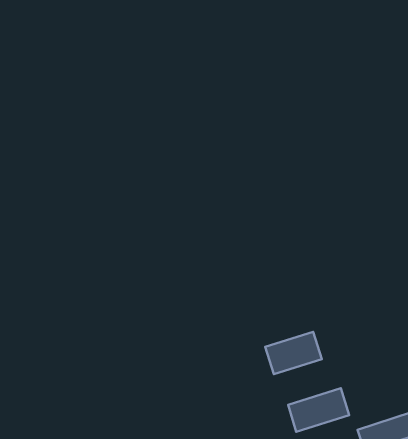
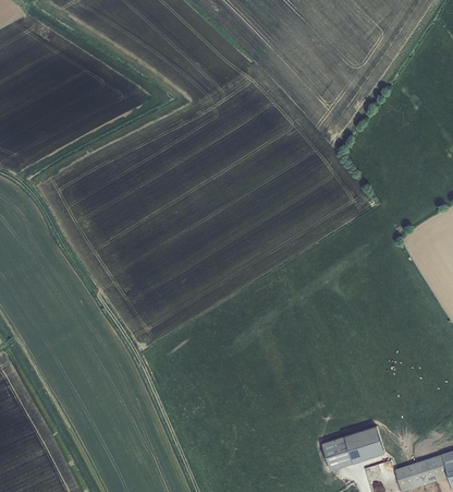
building: [265,332,322,374] -> none

